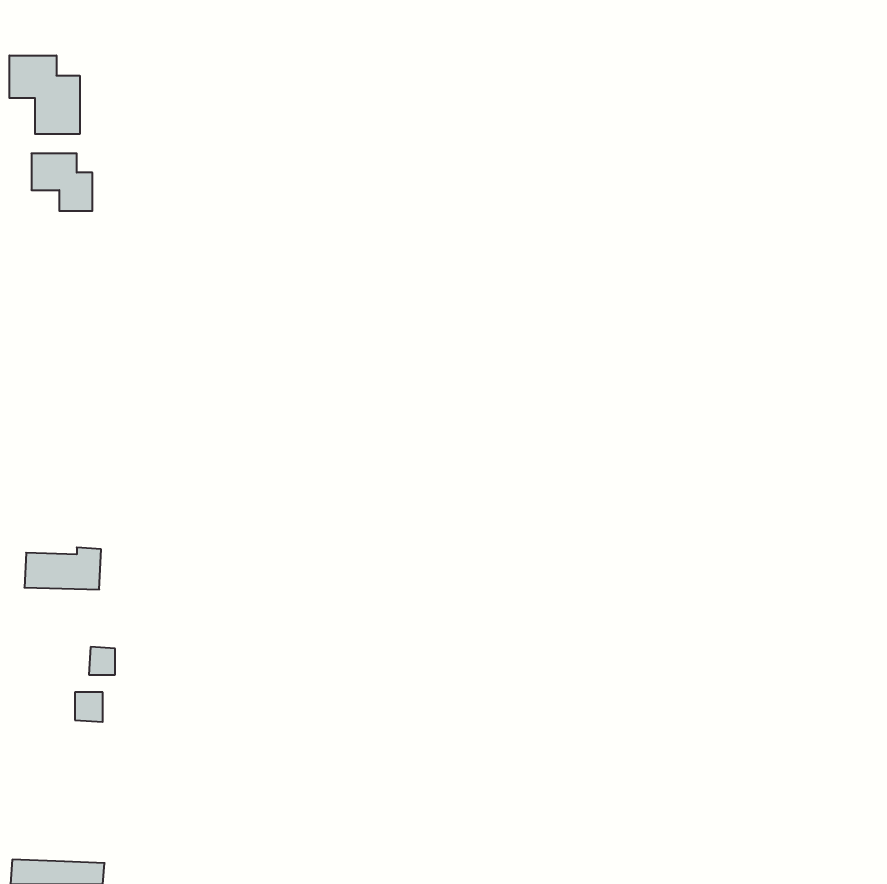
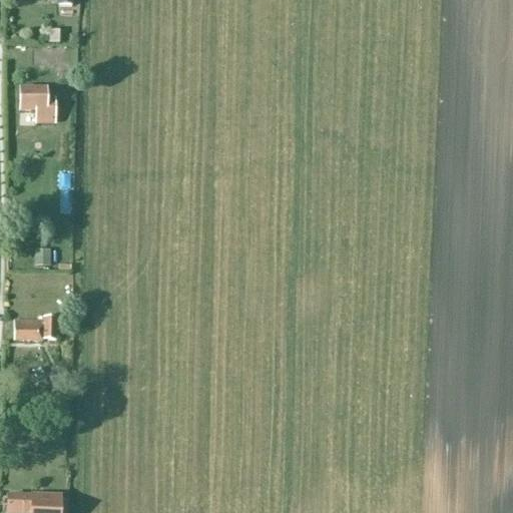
building: [9,55,80,134] -> none

